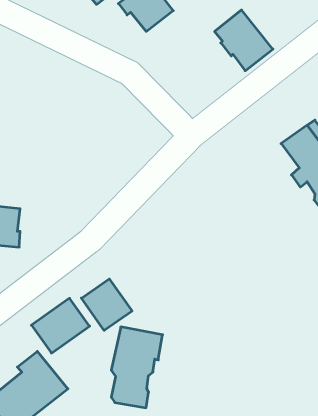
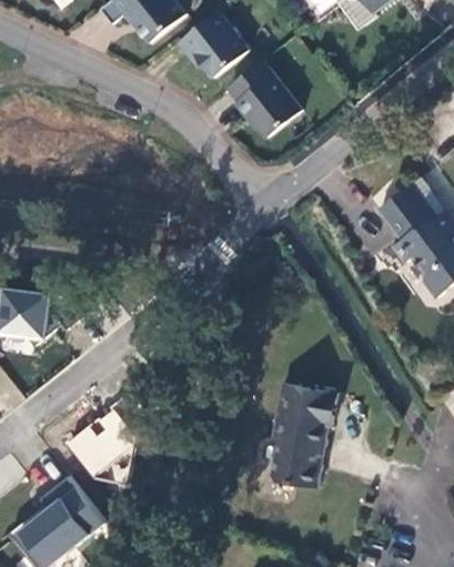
building: [215,10,273,71] -> [222,51,296,129]
building: [81,279,132,330] -> none
building: [111,327,163,408] -> [274,385,340,488]

